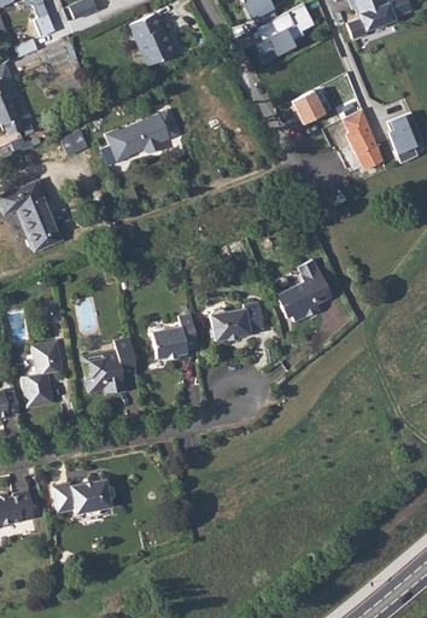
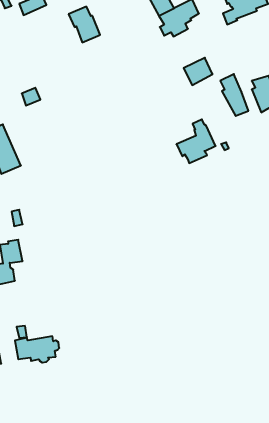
building: [105,107,181,163] -> none
building: [276,260,332,321] -> [176,119,216,163]
building: [211,303,264,340] -> none
building: [152,314,197,360] -> none
building: [86,338,135,392] -> none

